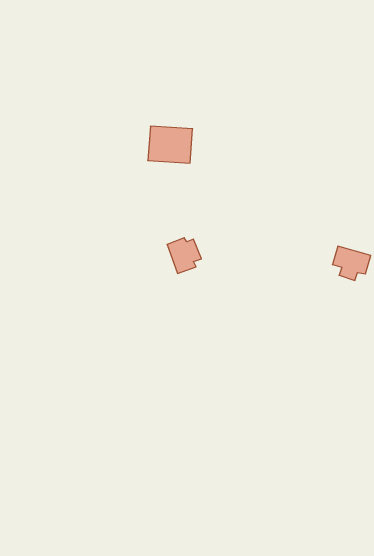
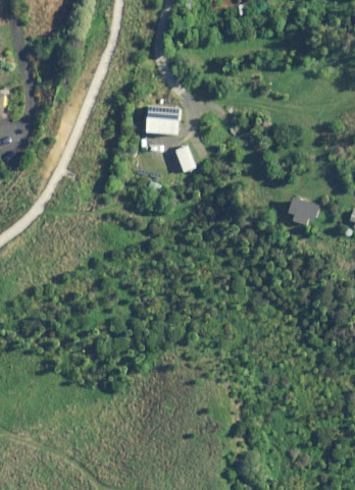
building: [167,238,201,273] -> [174,146,201,173]

